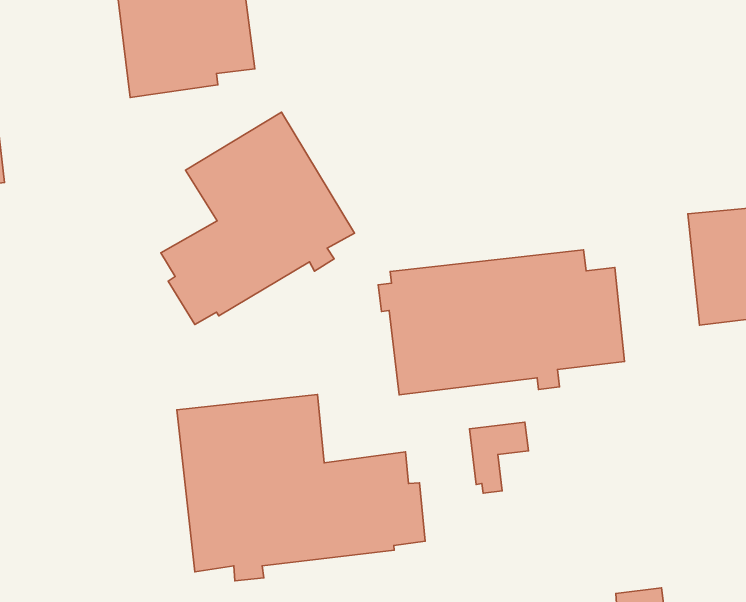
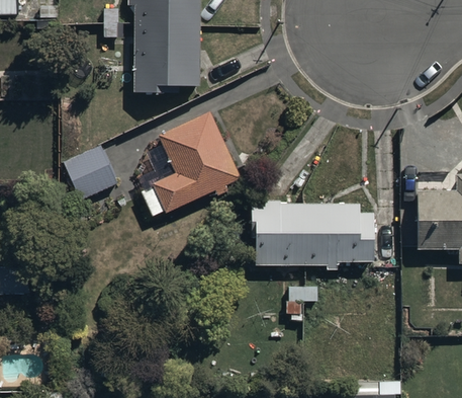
building: none -> [64,146,118,201]
building: [177,395,425,581] -> none

